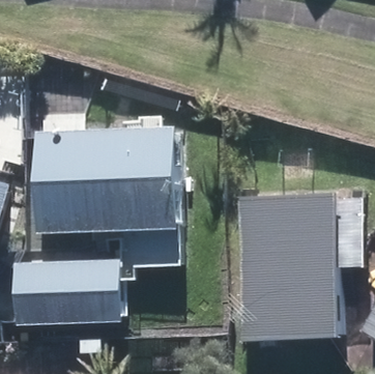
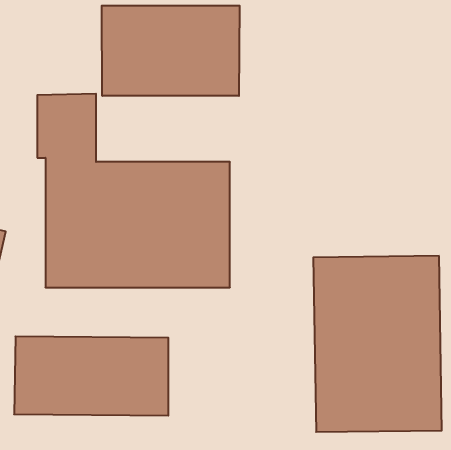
building: none -> [102,6,240,96]

